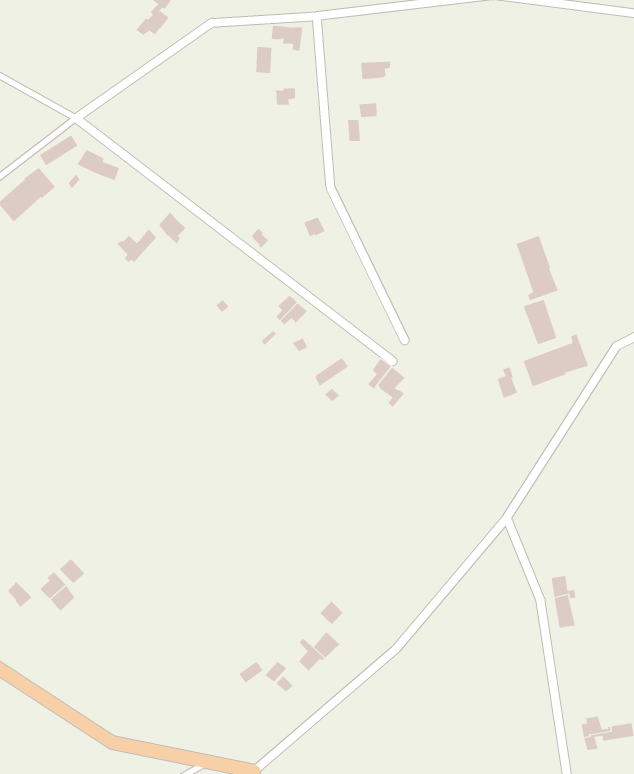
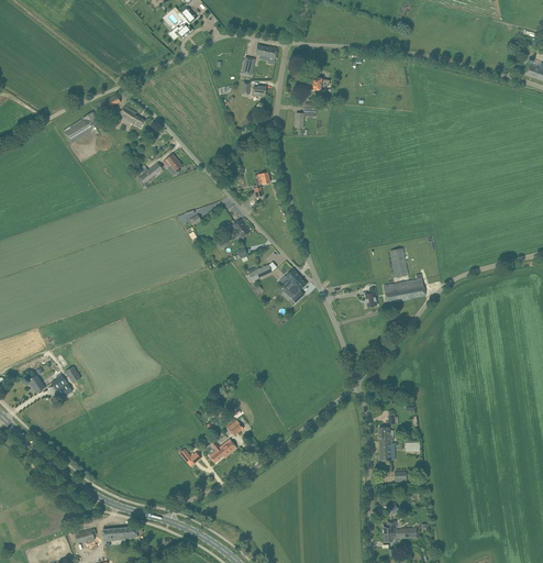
building: [516,235,559,301] -> none

